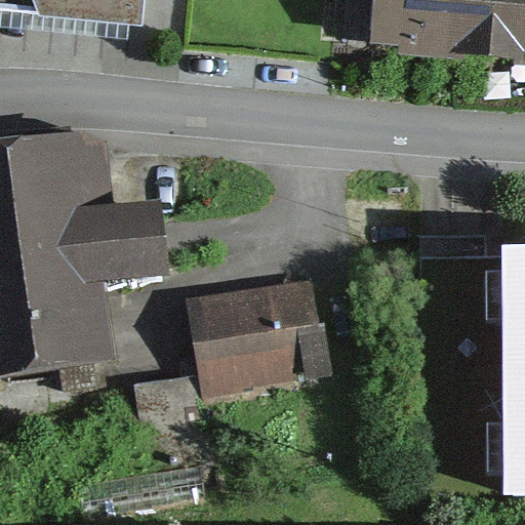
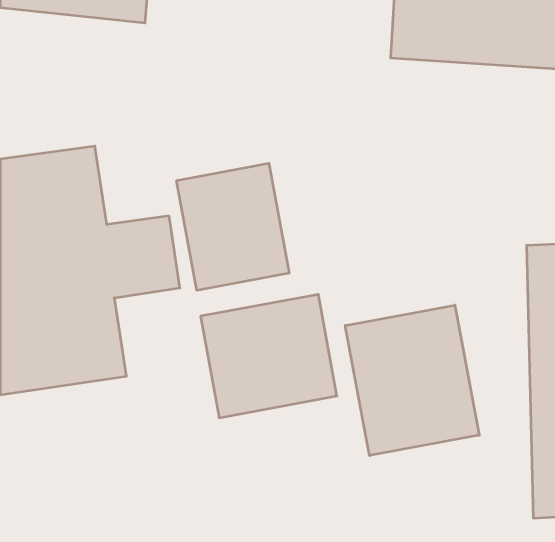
building: none -> [177,163,289,290]
building: none -> [345,305,479,456]

